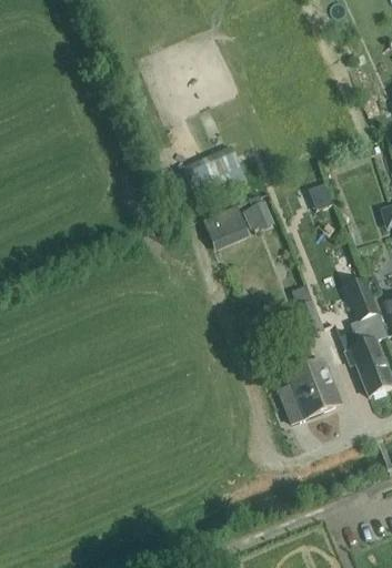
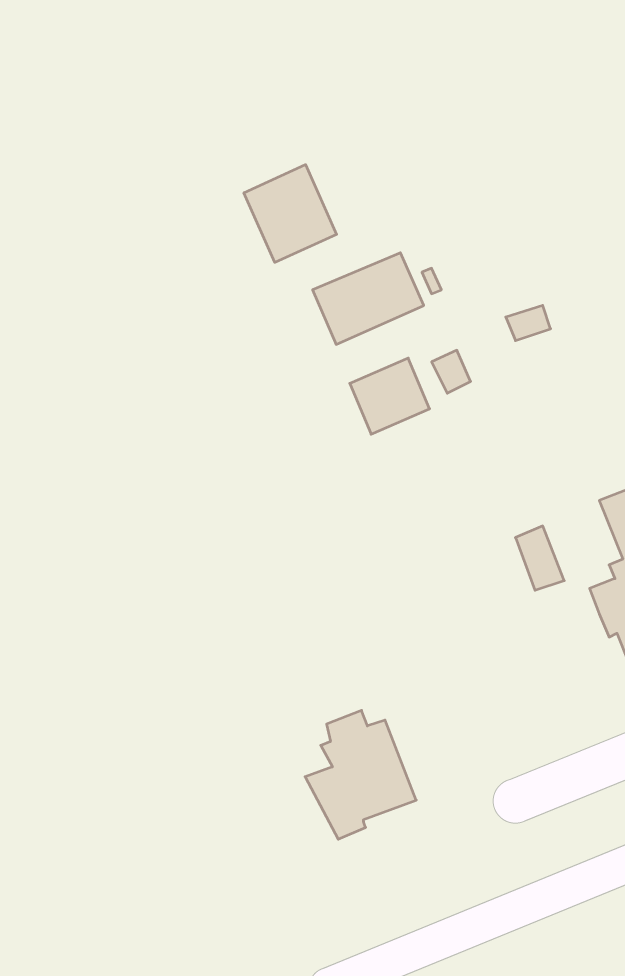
building: none -> [244,165,337,262]
building: [278,353,341,426] -> [305,710,416,839]

